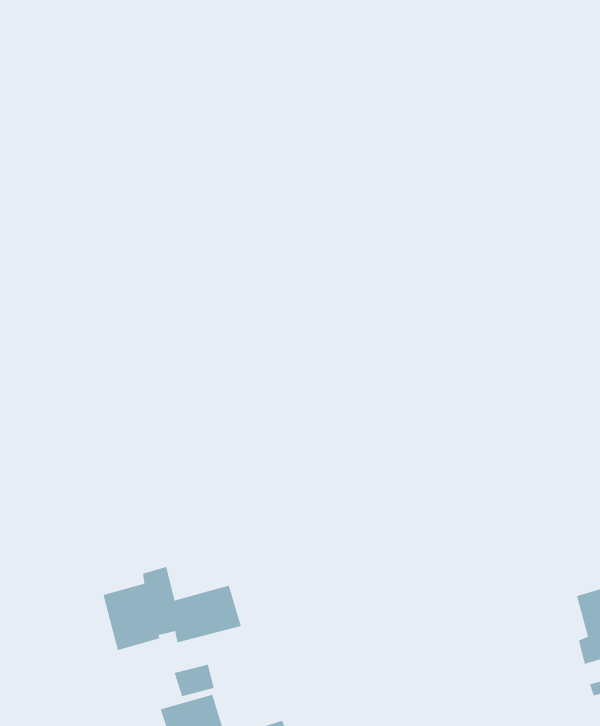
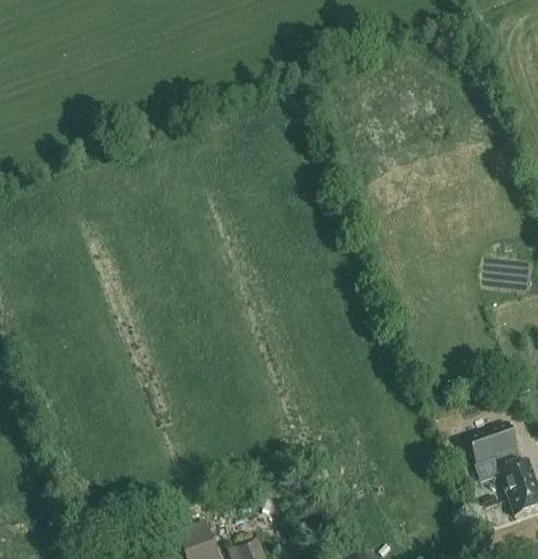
building: [103,566,241,651] -> none

